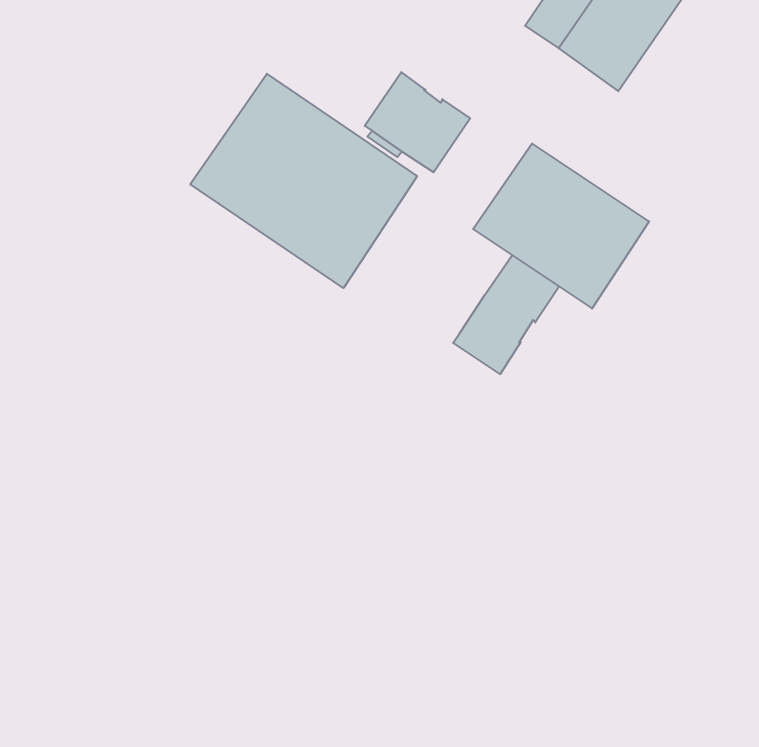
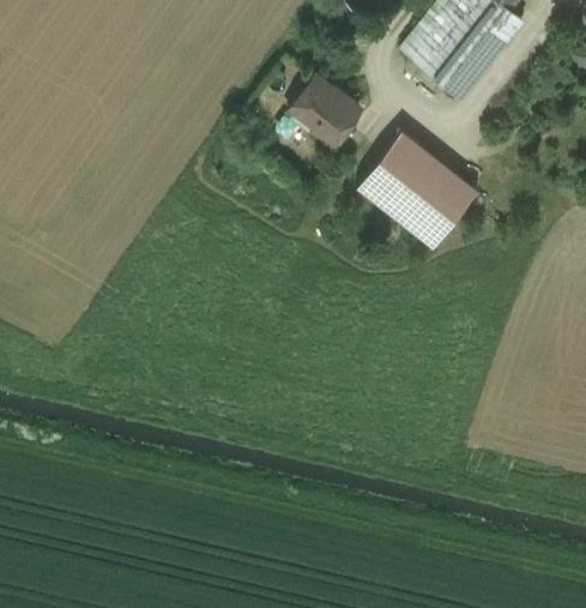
building: [190,74,417,288] -> none
building: [453,255,559,374] -> none

